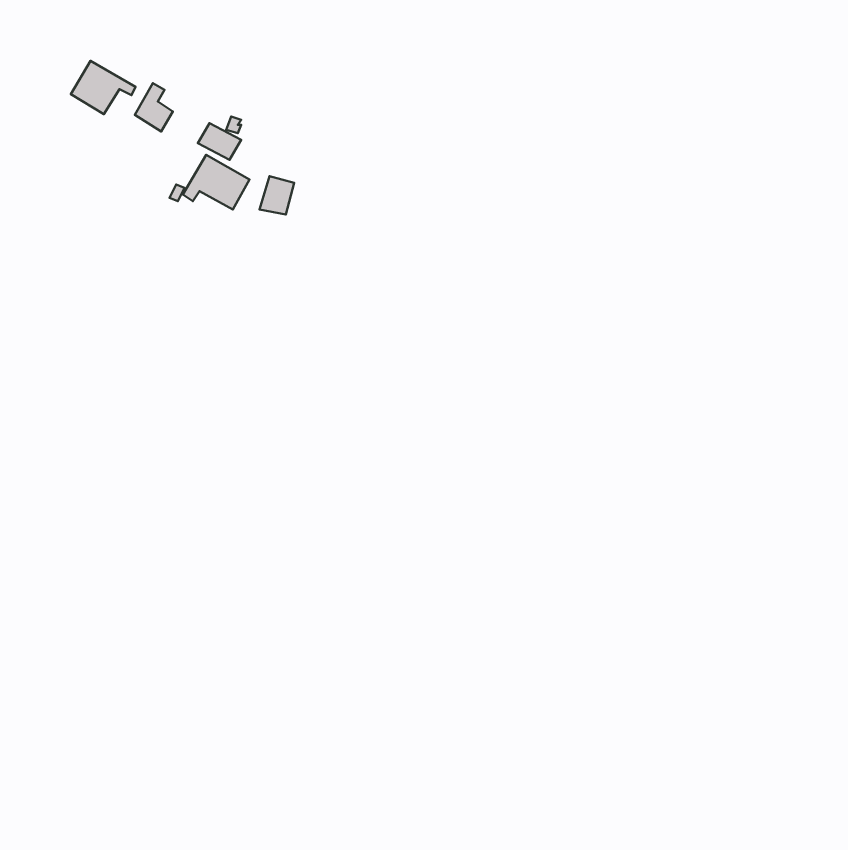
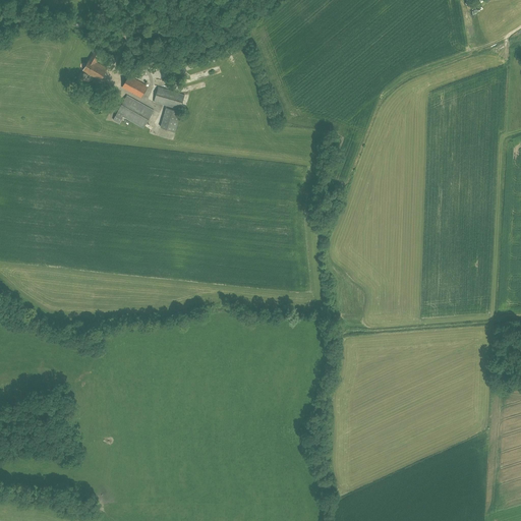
building: [71,61,135,114] -> none
building: none -> [153,86,184,110]

